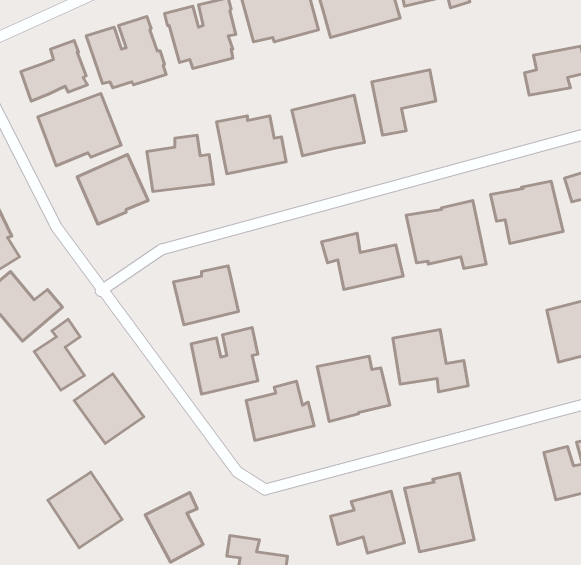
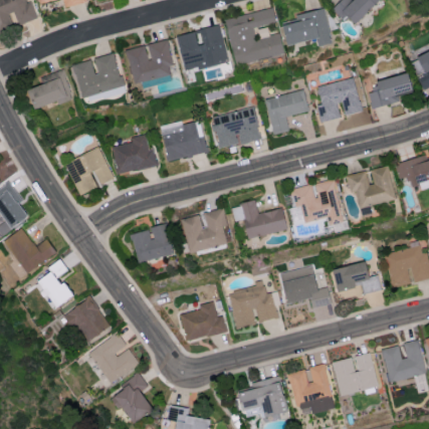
building: none -> [316,77,361,121]
building: [38,93,121,166] -> none
building: none -> [332,261,382,292]
building: [191,327,258,394] -> [182,207,227,252]
building: none -> [333,352,378,395]
building: [48,472,122,548] -> [88,332,139,383]

